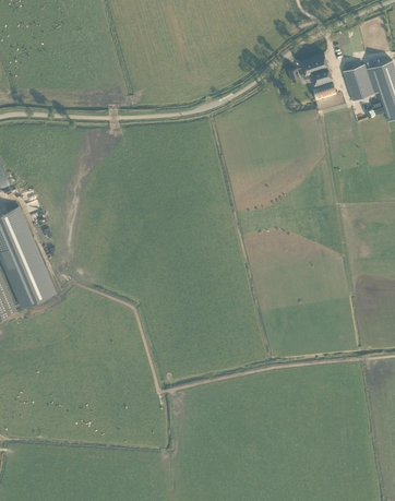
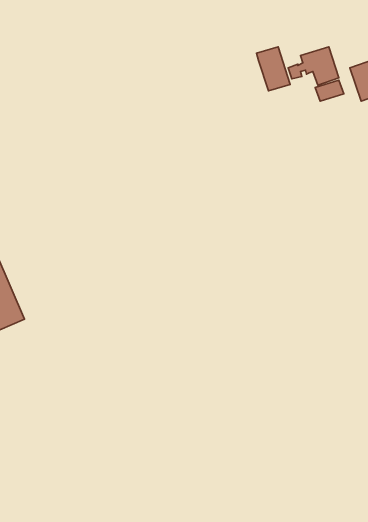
building: none -> [257,47,290,91]

